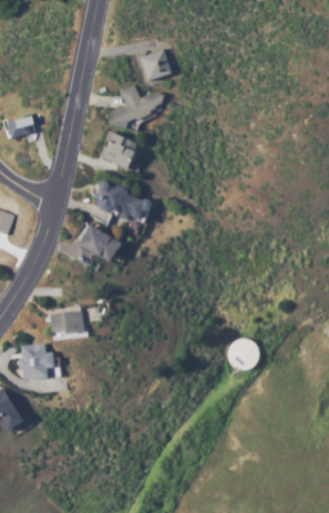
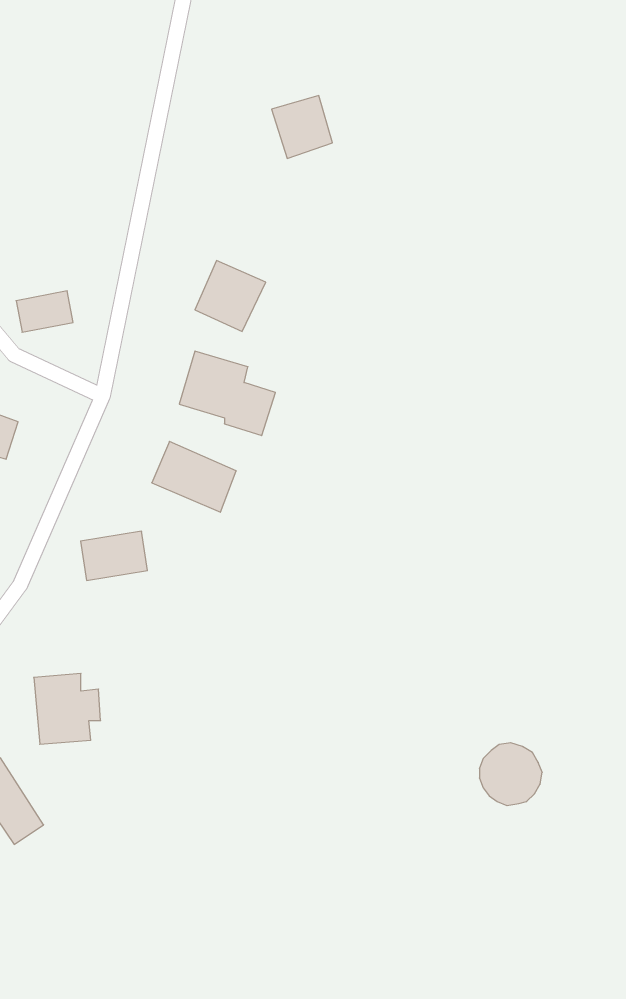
building: [107,84,167,129] -> none
building: [7,116,36,137] -> [16,291,73,332]
building: [50,310,84,335] -> [81,531,147,580]
building: [226,339,258,371] -> [479,743,542,806]

